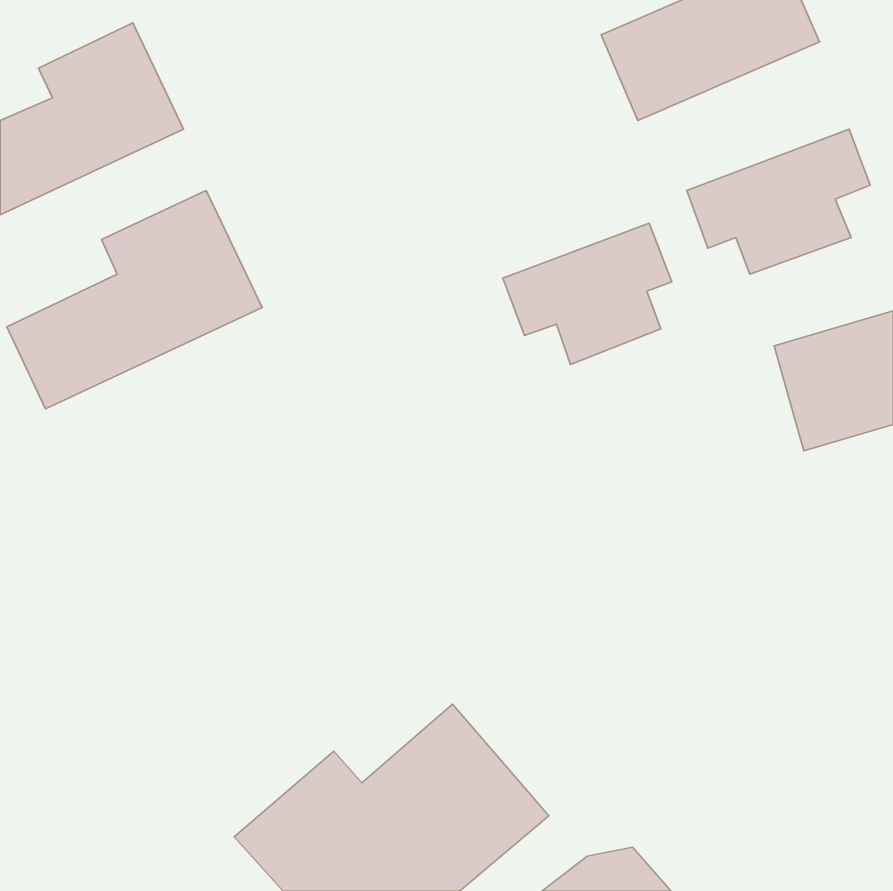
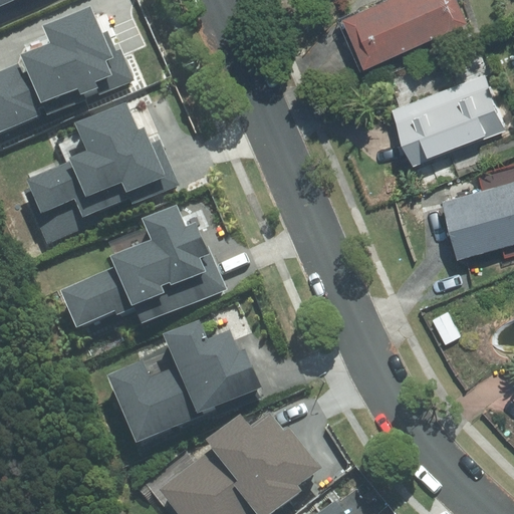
building: [503,223,672,364] -> none
building: none -> [69,208,228,332]
building: none -> [110,325,263,449]

